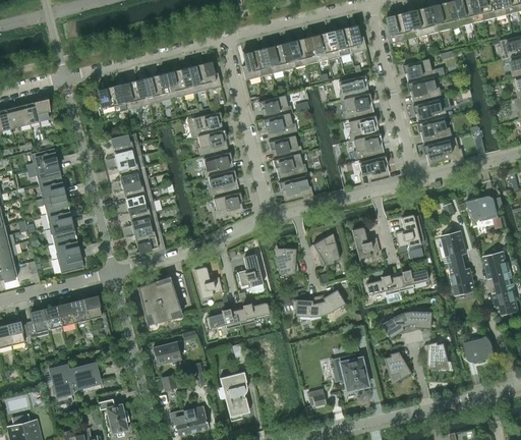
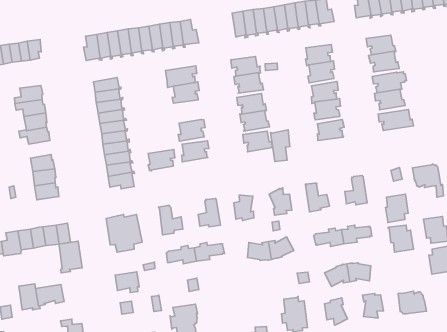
building: [241,50,262,79] -> none
building: [202,151,232,176] -> [148,149,175,171]
building: none -> [271,130,290,162]
building: [46,207,71,228] -> none
building: none -> [59,241,82,273]

